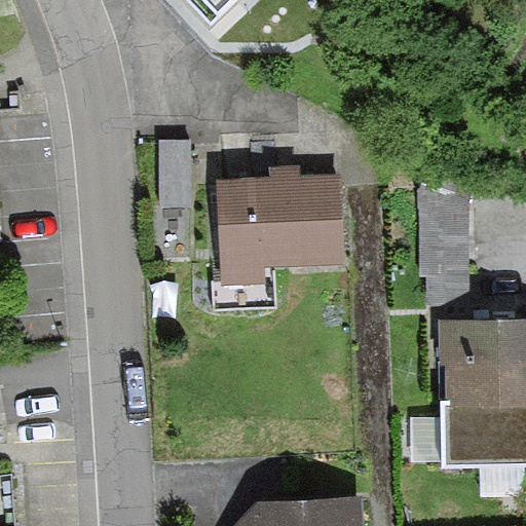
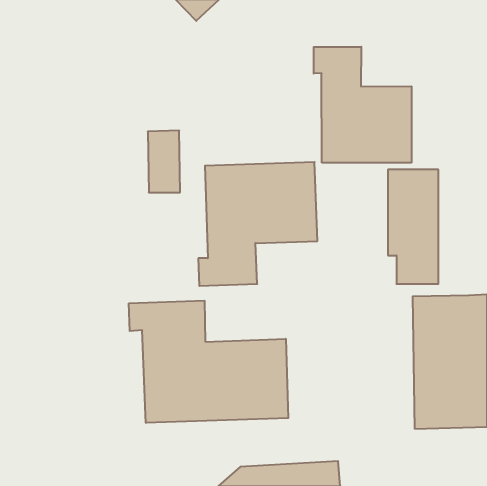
building: none -> [314,47,411,163]
building: none -> [129,301,288,423]

